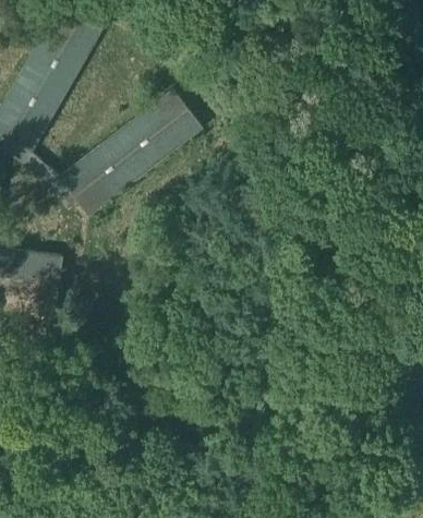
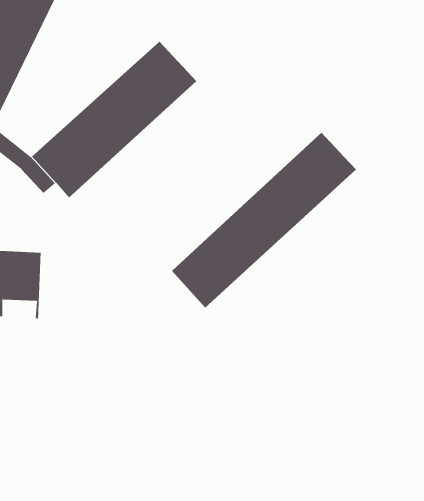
building: none -> [171,132,357,308]

